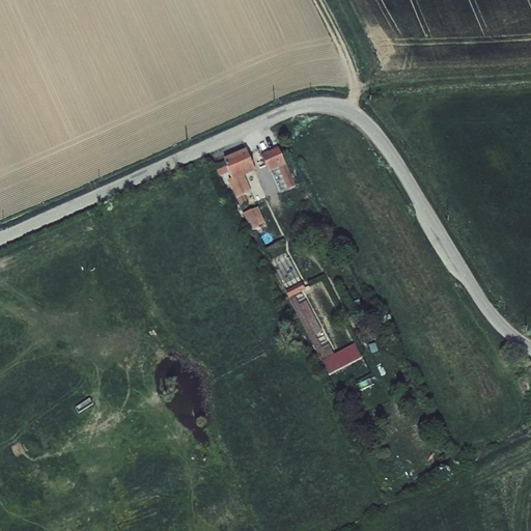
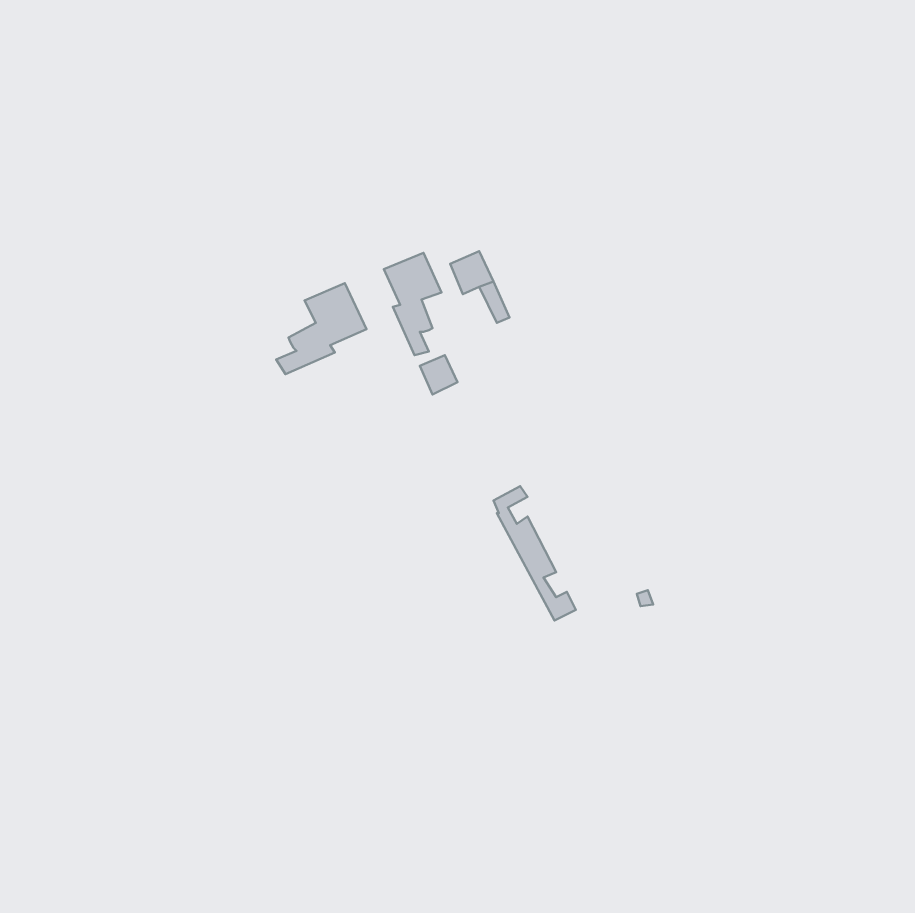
building: none -> [276,283,367,374]
building: [320,341,363,373] -> none

